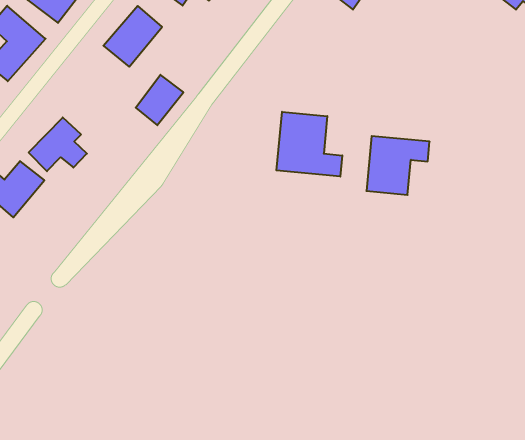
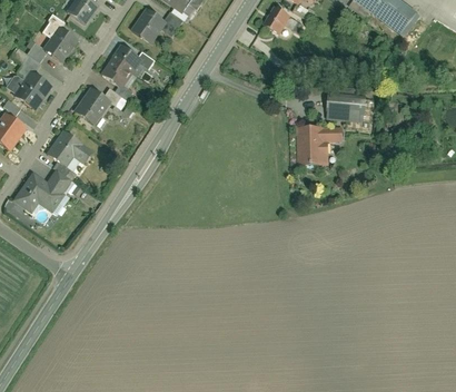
building: [136,75,183,125] -> [78,90,111,127]
building: none -> [334,96,367,117]
building: [276,112,342,177] -> none

